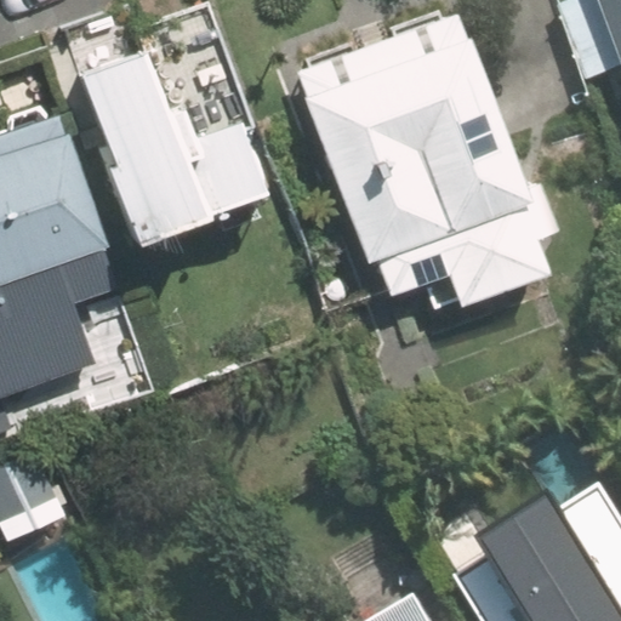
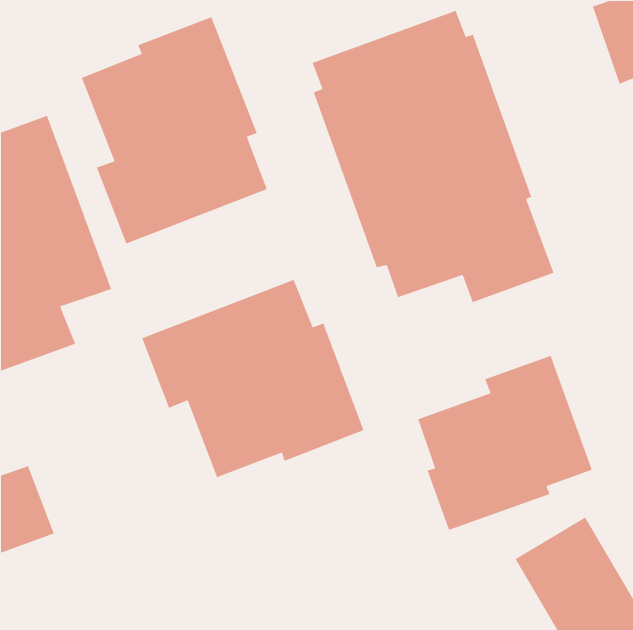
building: none -> [141,279,365,478]
building: none -> [417,355,593,531]

